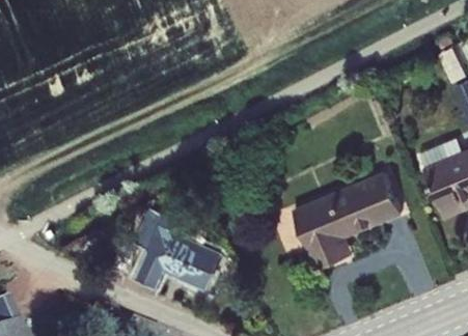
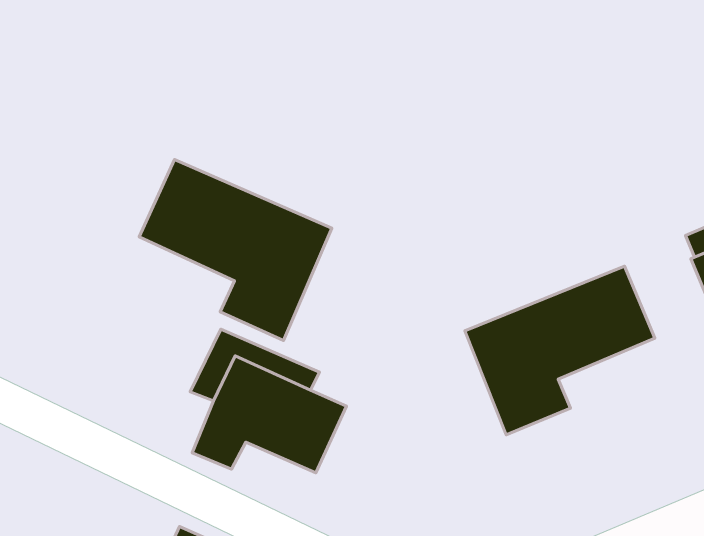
building: none -> [139,159,332,341]

